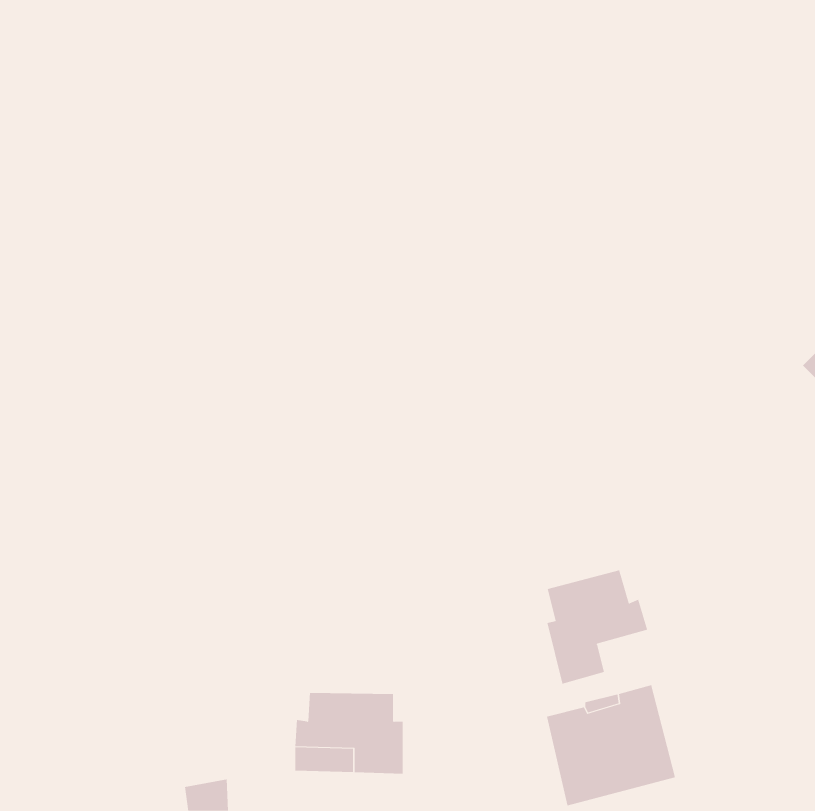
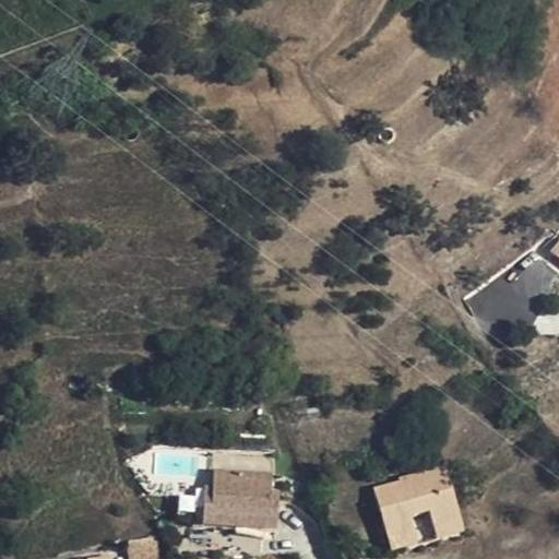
building: [547,569,648,684] -> none

